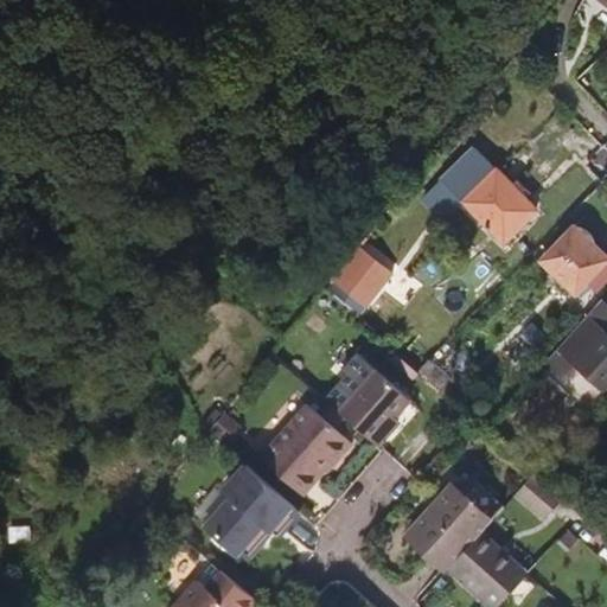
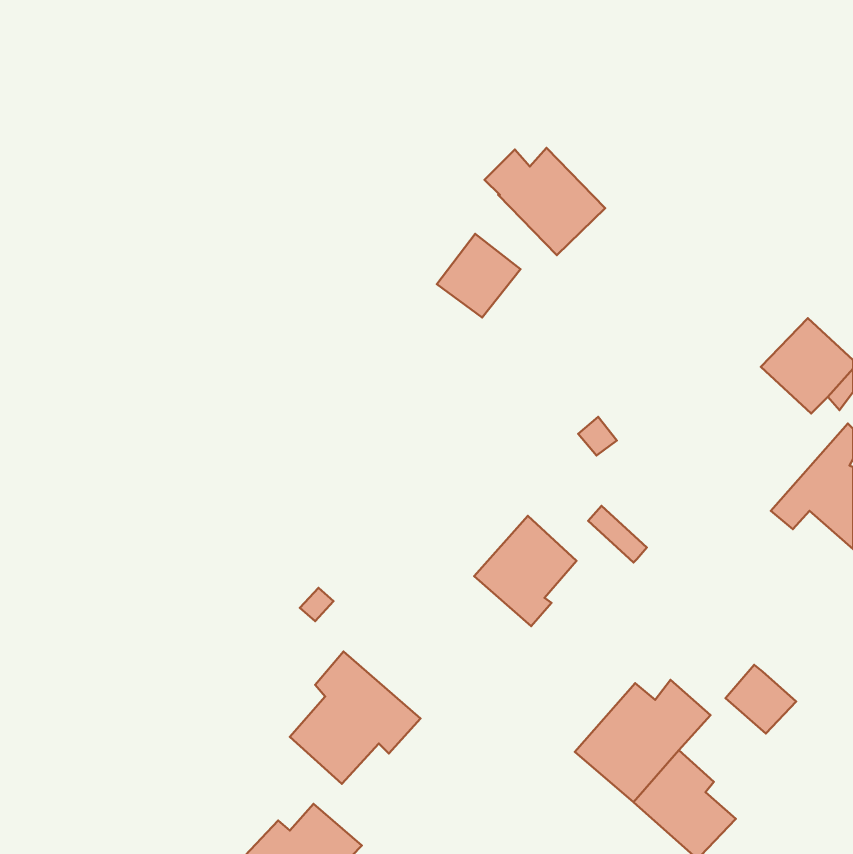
building: [451,168,536,244] -> [485,148,605,255]
building: [333,249,392,308] -> [437,234,521,318]
building: [321,350,373,409] -> none
building: [260,402,351,492] -> none

